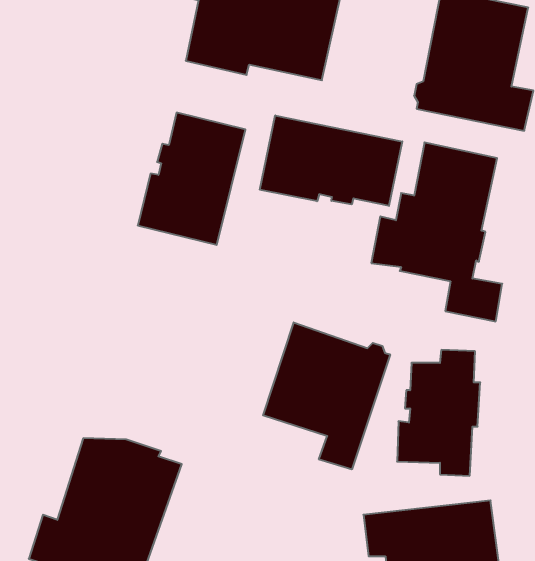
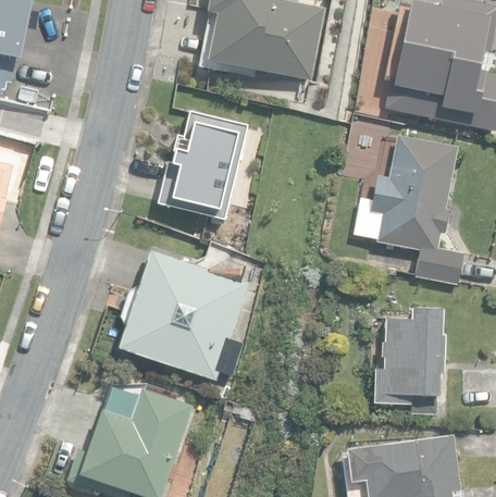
building: [260,115,402,206] -> none
building: none -> [117,249,251,380]
building: [263,322,390,469] -> none

